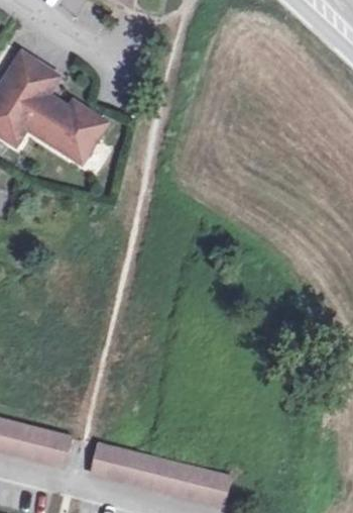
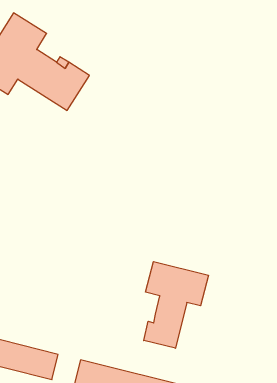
building: none -> [144,262,208,348]

